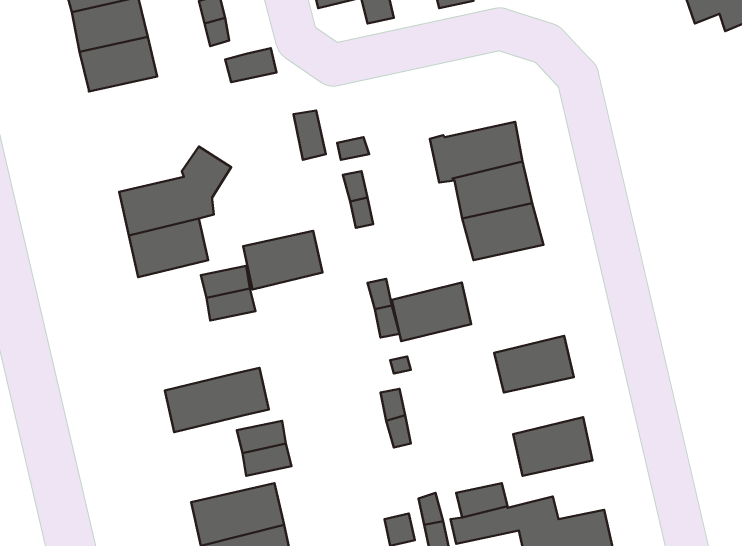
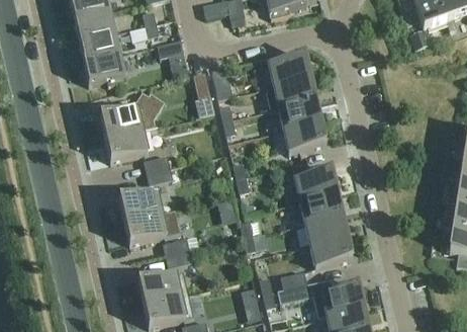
building: none -> [83,55,126,86]
building: none -> [268,56,311,87]
building: [243,231,323,290] -> [119,191,162,223]
building: [392,283,471,341] -> [295,171,338,202]
building: none -> [305,216,348,246]

